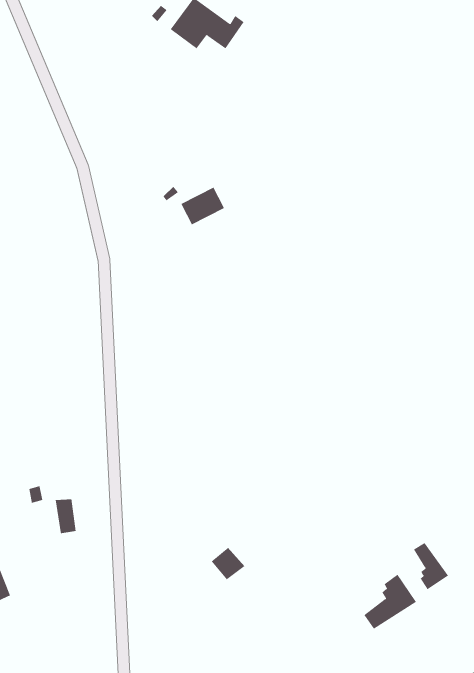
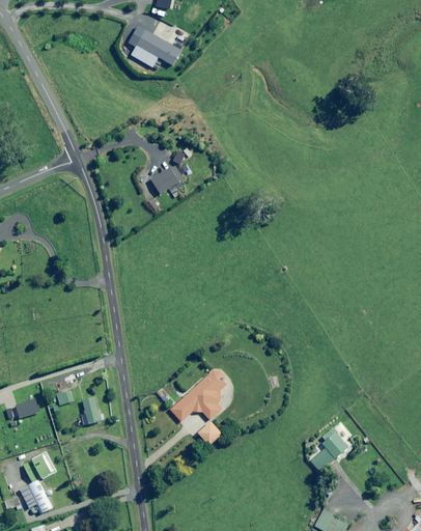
building: none -> [169,369,225,421]
building: [413,542,449,590] -> none

